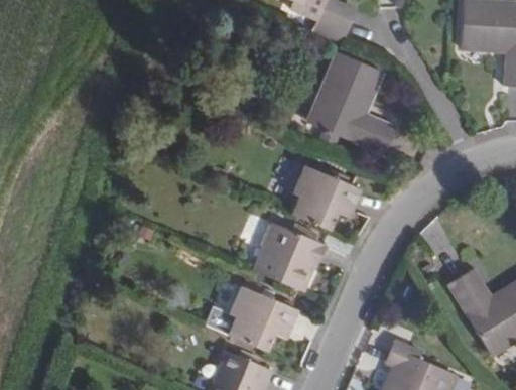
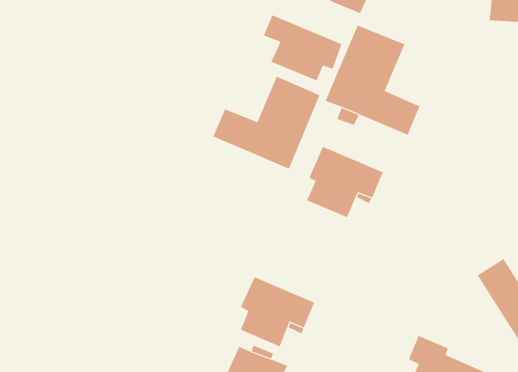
building: none -> [263,15,342,81]
building: none -> [212,76,320,170]
building: [253,224,325,293] -> none

